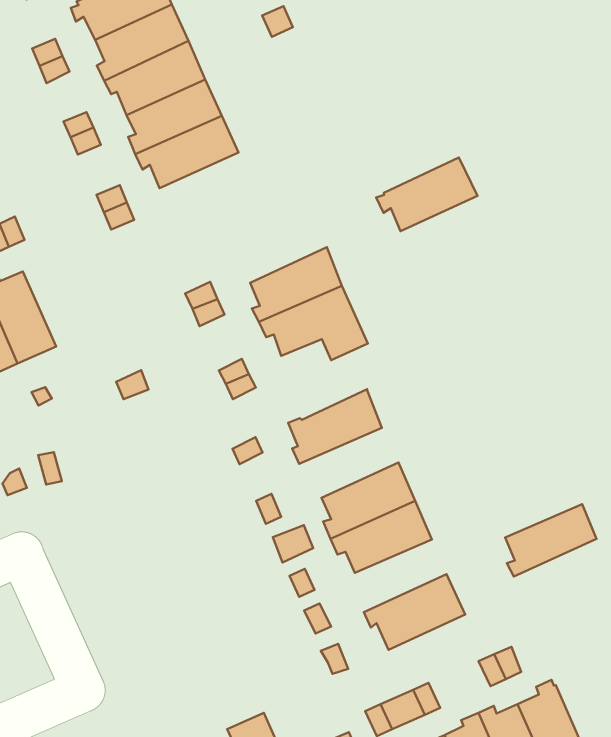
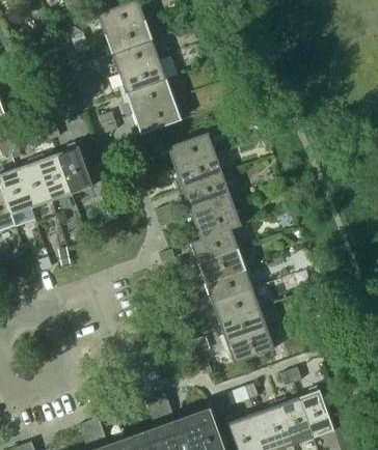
building: none -> [132,100,183,136]
building: [376,158,478,231] -> [164,132,217,168]
building: none -> [57,142,92,194]
building: none -> [189,200,242,242]
building: none -> [194,249,246,283]
building: [505,504,597,577] -> [219,309,267,344]

